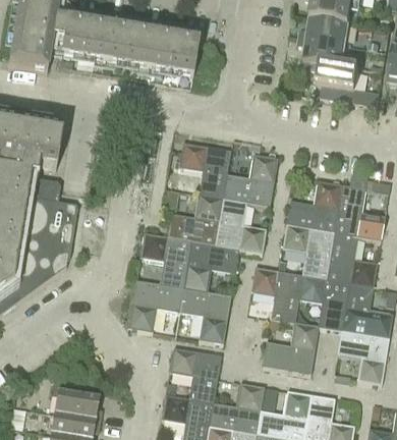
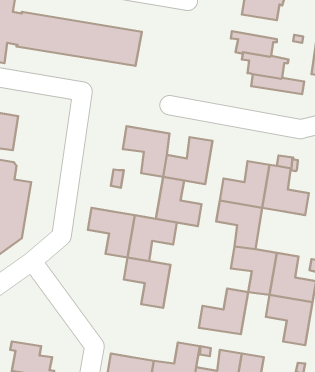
building: [299,17,350,45] -> none
building: [167,194,223,244] -> none
building: [326,232,377,286] -> none
building: [250,267,302,322] -> none
building: [127,279,183,331] -> none
building: [169,347,221,402] -> none

